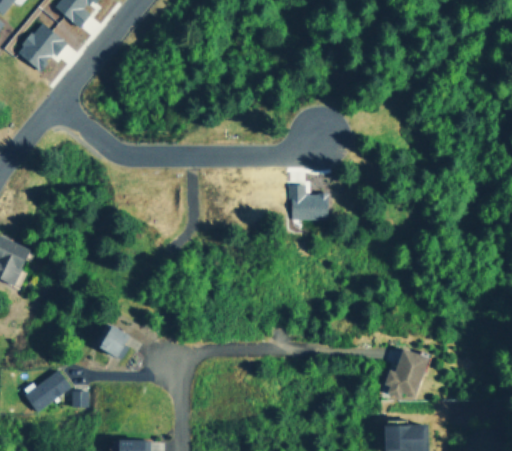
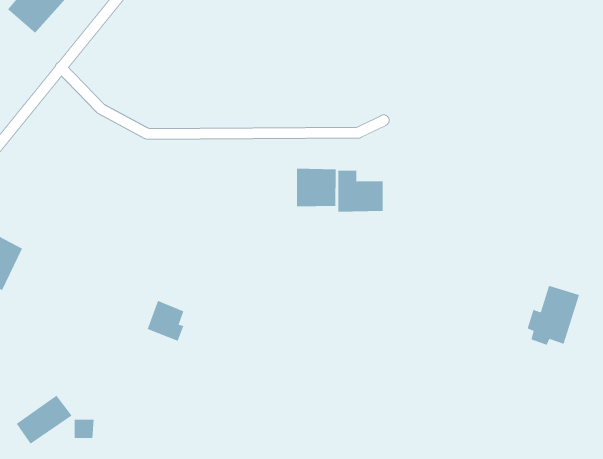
building: none -> [297,168,336,207]
building: [98,325,129,359] -> [147,300,184,341]
building: [384,349,428,399] -> [527,285,580,346]

